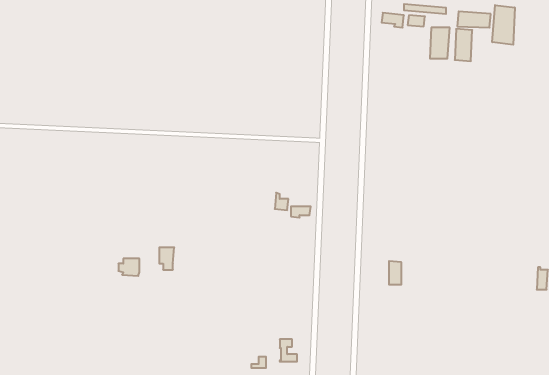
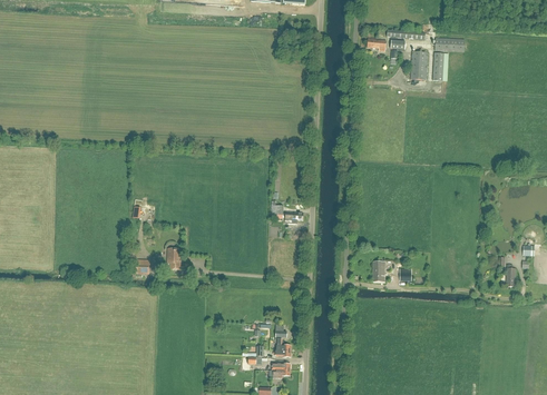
building: [492,5,515,45] -> none

